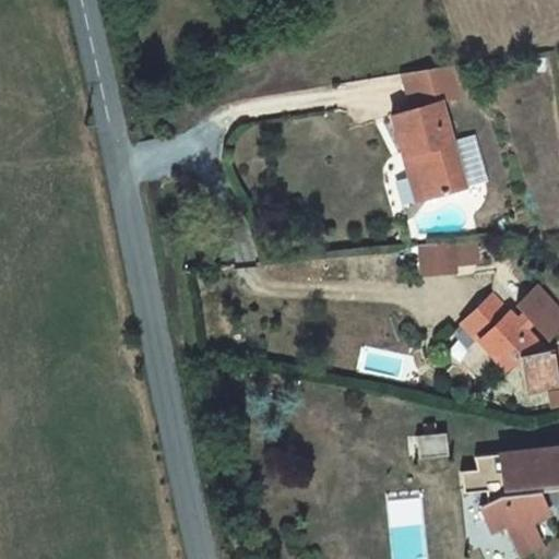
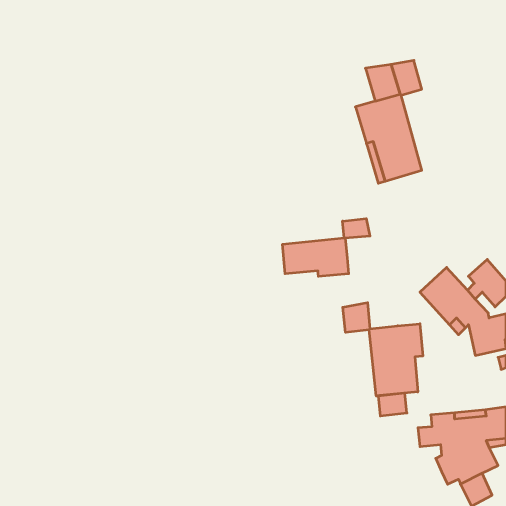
building: none -> [283,219,370,276]
building: [420,242,456,276] -> none
building: none -> [343,303,423,396]

